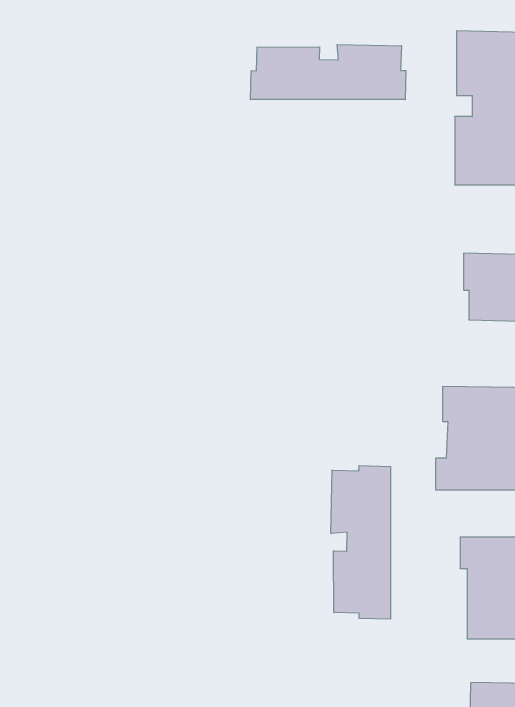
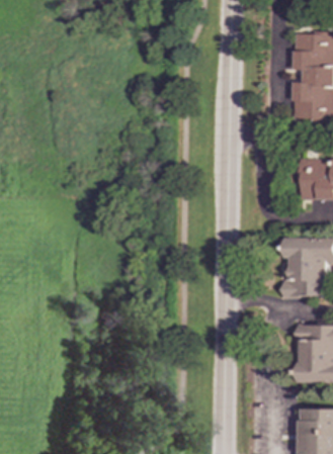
building: [250,45,406,100] -> none
building: [331,466,390,619] -> none

